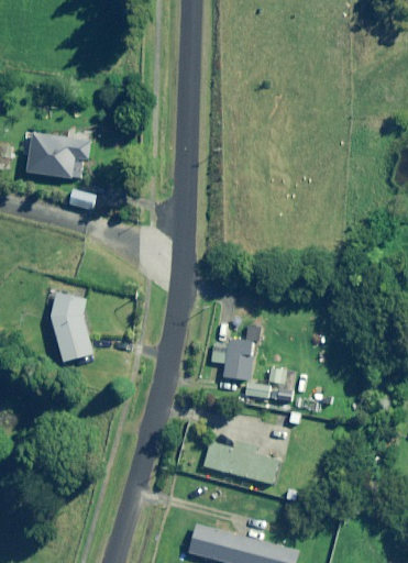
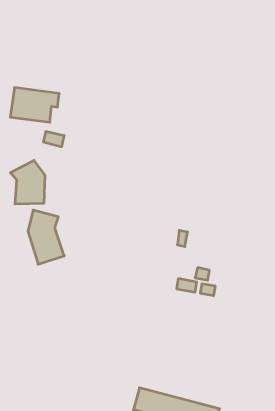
building: none -> [10,160,45,204]
building: [210,340,254,379] -> none
building: [205,443,279,485] -> none

